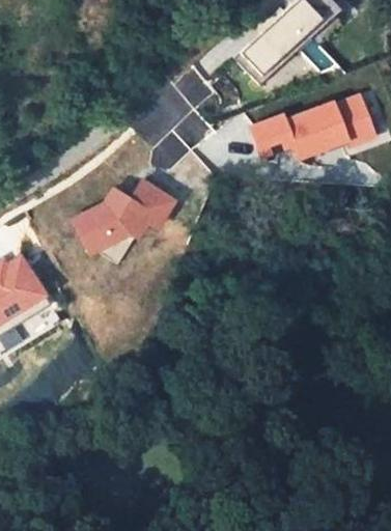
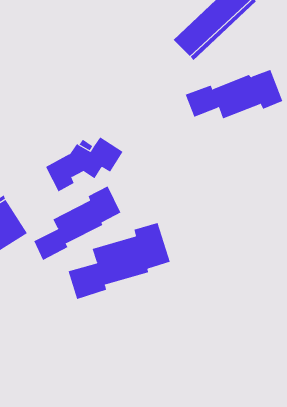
building: none -> [33,186,121,261]
building: none -> [68,222,171,300]

